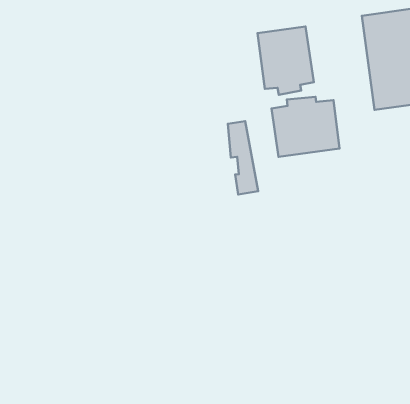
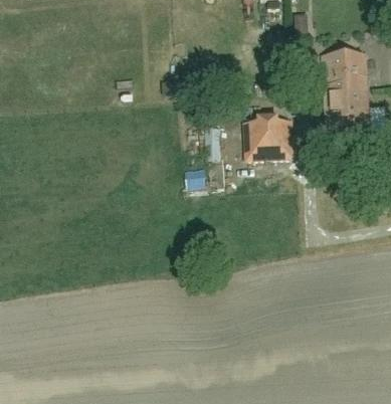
building: [257,27,314,95] -> none

